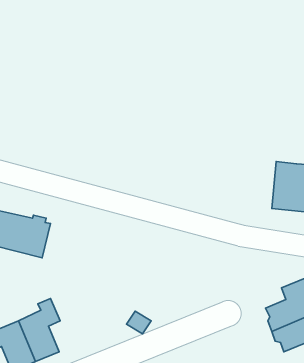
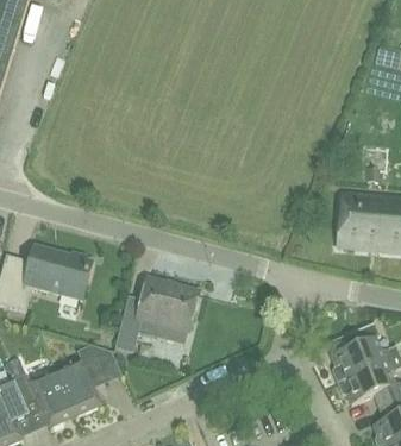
building: none -> [114,276,198,351]

